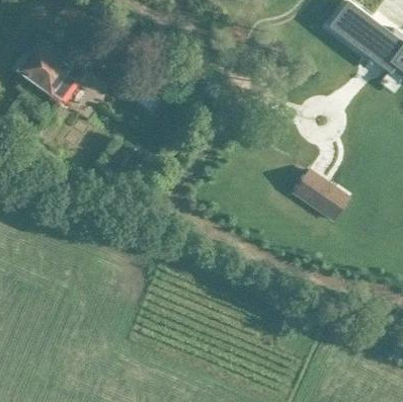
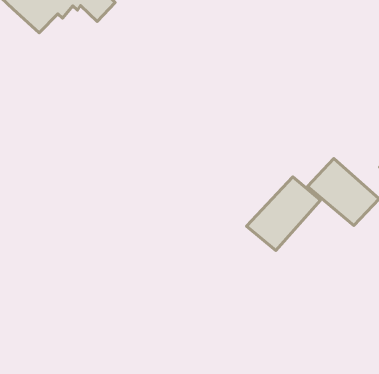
building: none -> [247,177,321,250]

